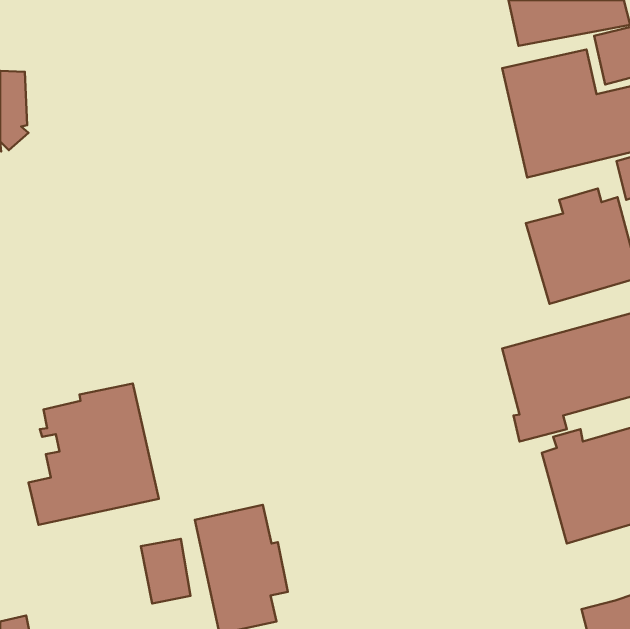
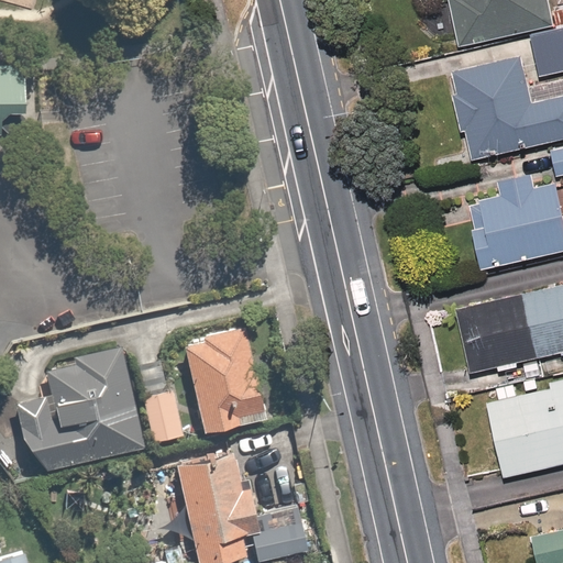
building: none -> [180,320,266,433]
building: [141,539,191,603] -> [139,386,183,443]
building: none -> [257,508,305,556]

